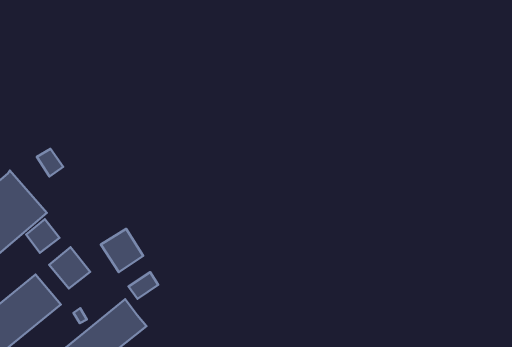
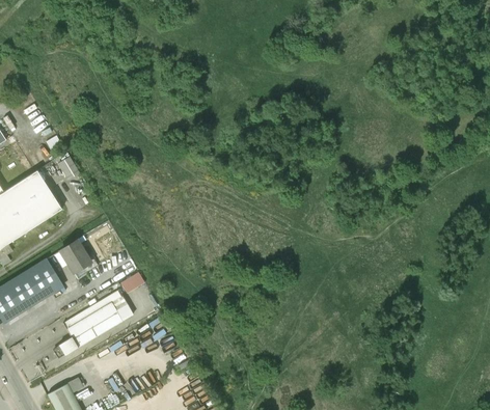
building: [26,219,60,253] -> none
building: [101,229,143,272] -> none

